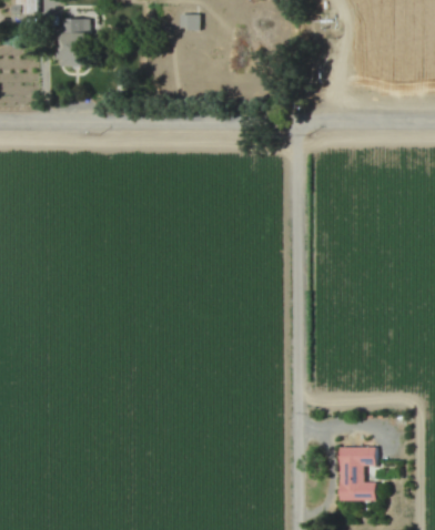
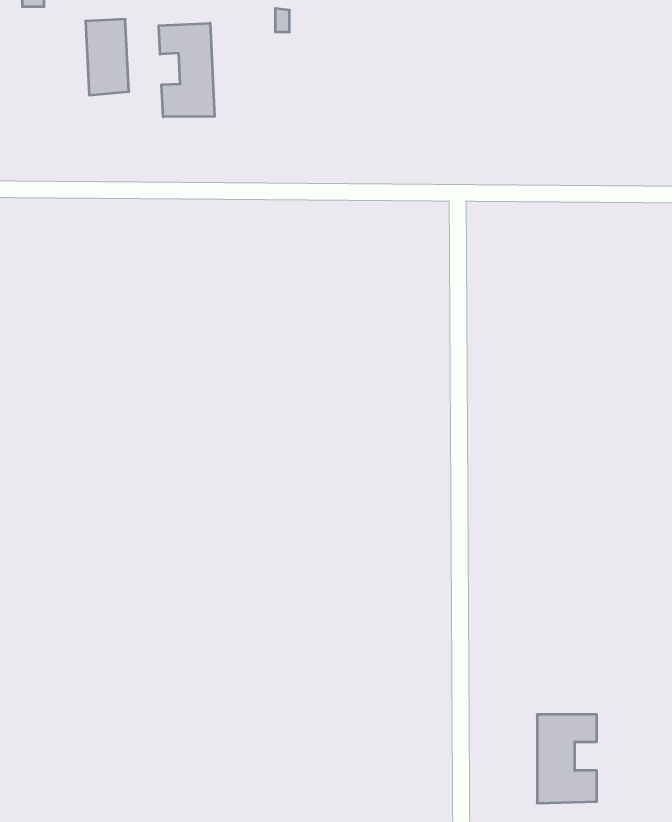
building: none -> [159,23,215,117]

